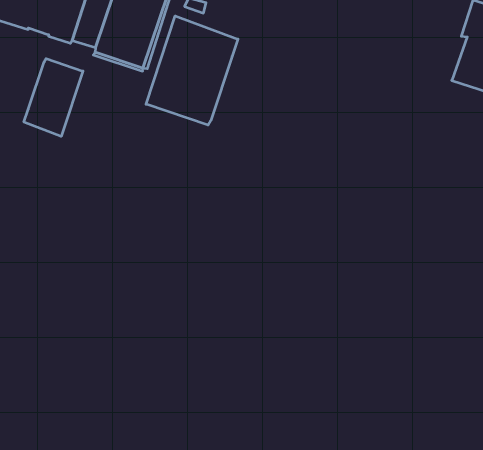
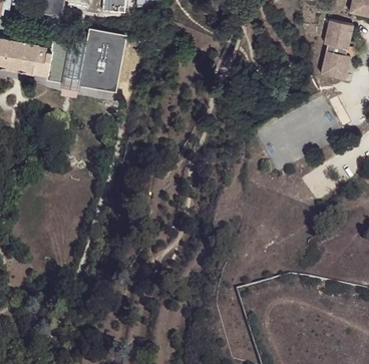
building: [146,16,238,125] -> none
building: [24,59,83,136] -> none

